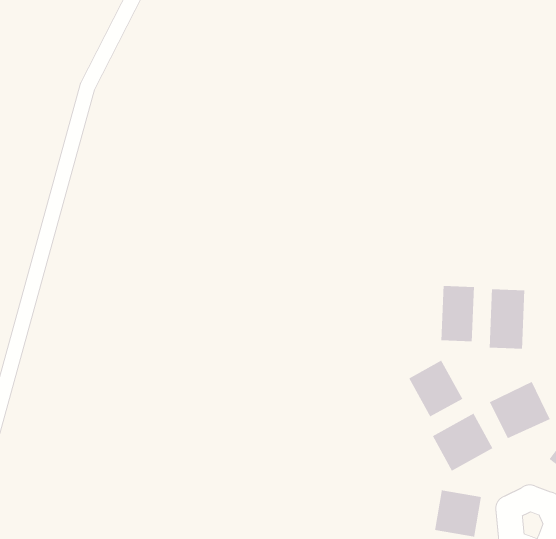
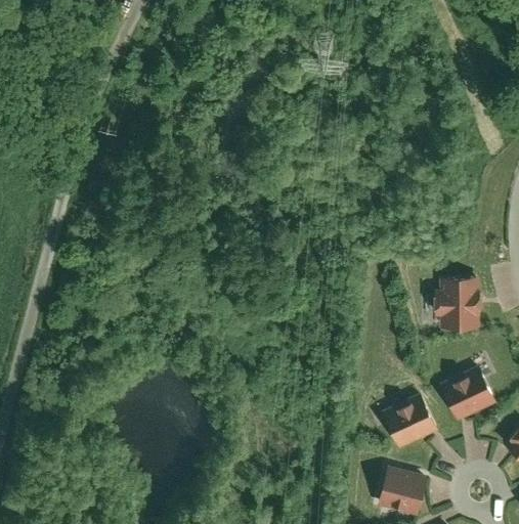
building: [441,285,475,342] -> none
building: [408,360,463,417] -> none

